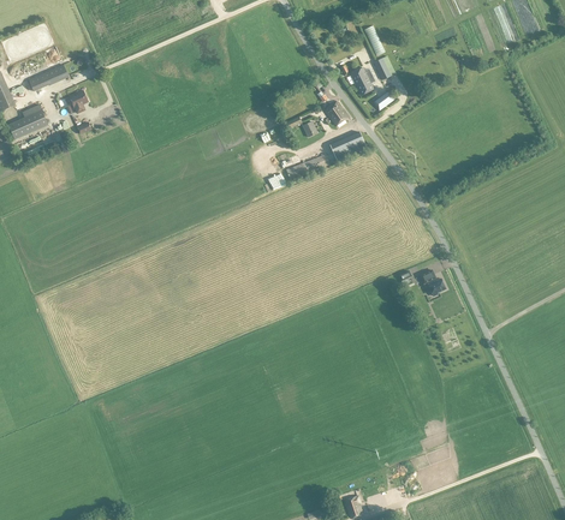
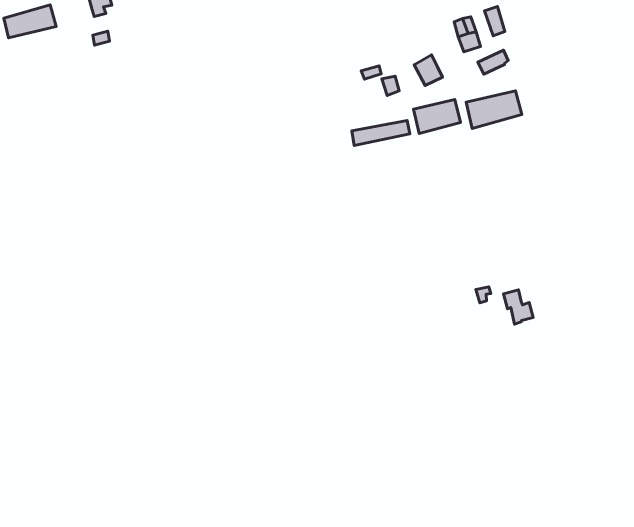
building: none -> [466,91,522,128]

